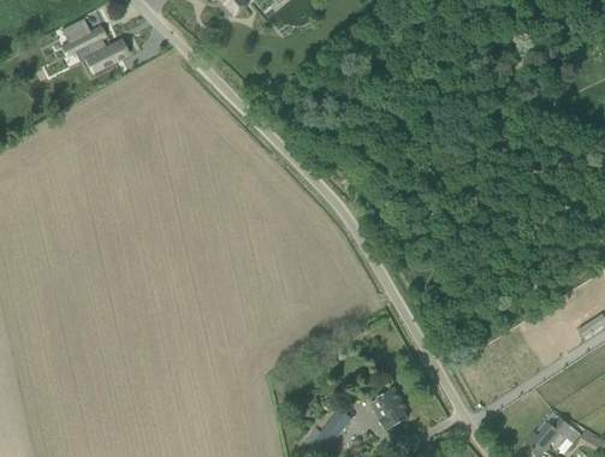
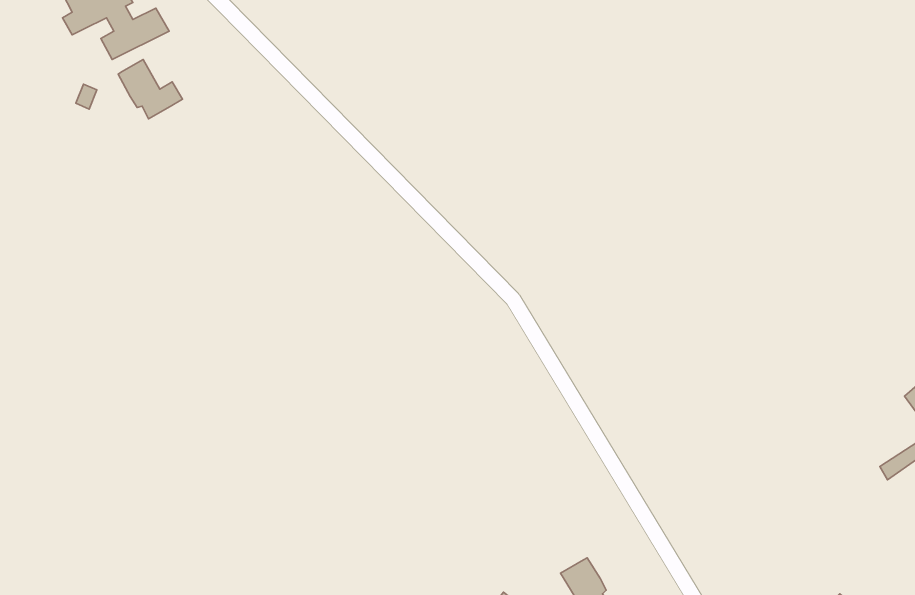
building: none -> [118,59,183,119]

